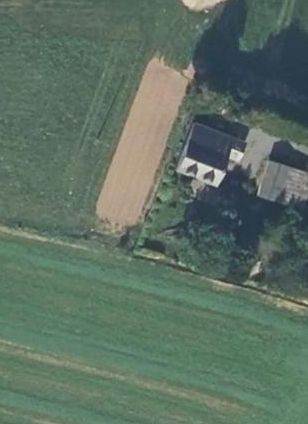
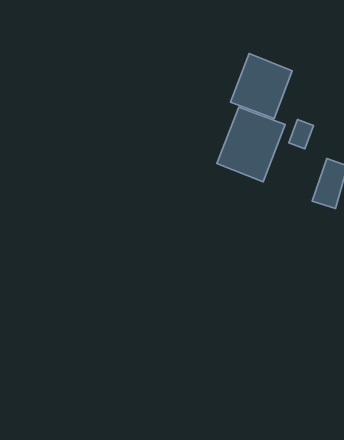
building: none -> [231,54,292,118]

